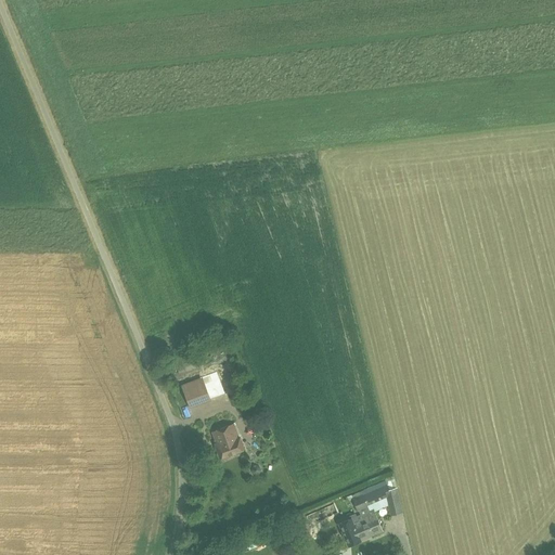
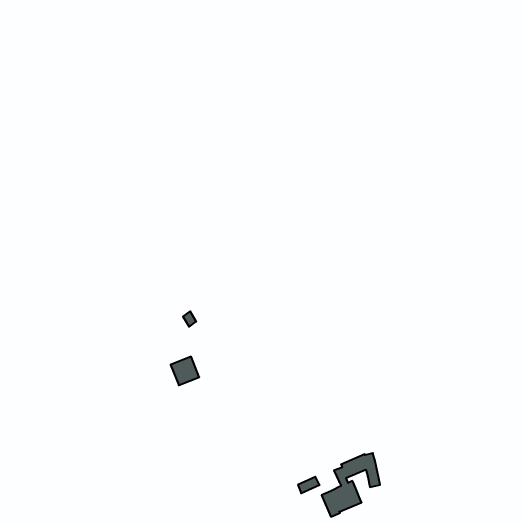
building: [211,424,243,457] -> none

